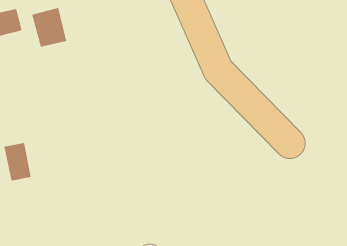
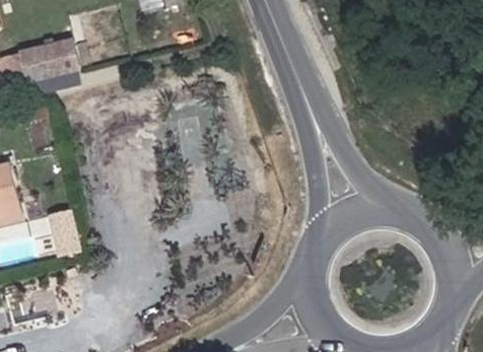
building: [32,7,67,48] -> none

